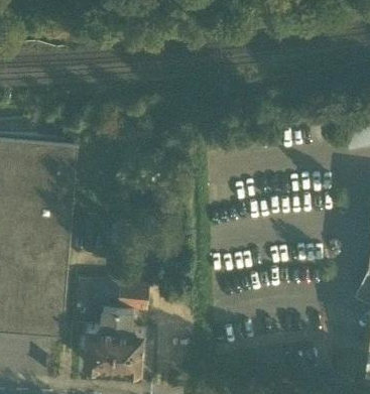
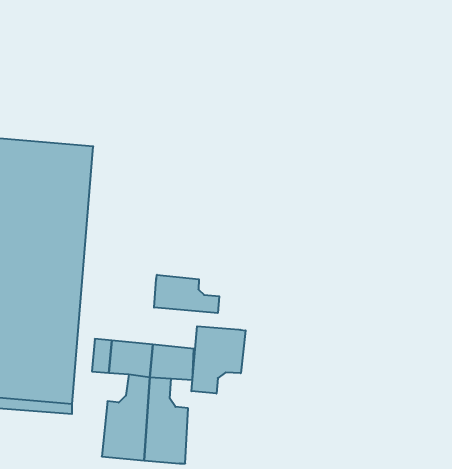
building: none -> [154,275,219,313]
building: none -> [191,326,246,394]

